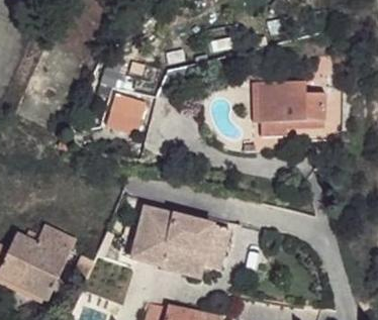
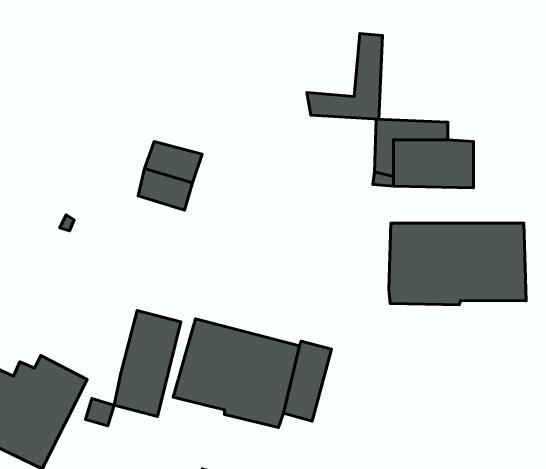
building: none -> [307,33,382,119]
building: none -> [389,223,526,305]
building: none -> [114,311,181,416]

